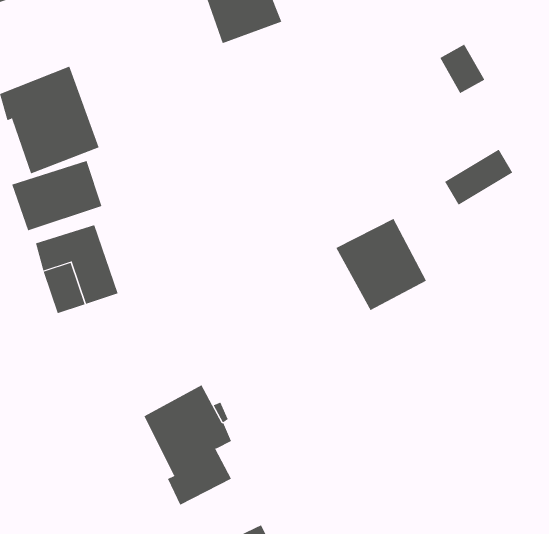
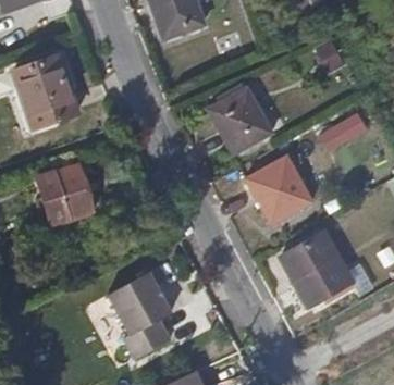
building: none -> [208,91,271,157]
building: [11,160,102,231] -> none
building: none -> [286,233,353,306]

